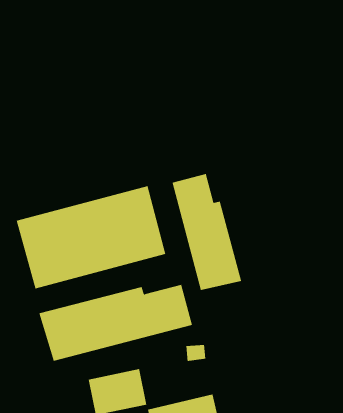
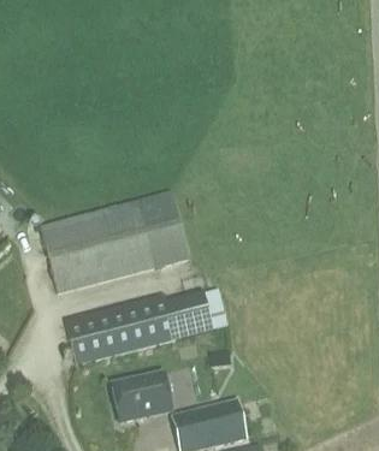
building: [172,173,242,291] -> none

